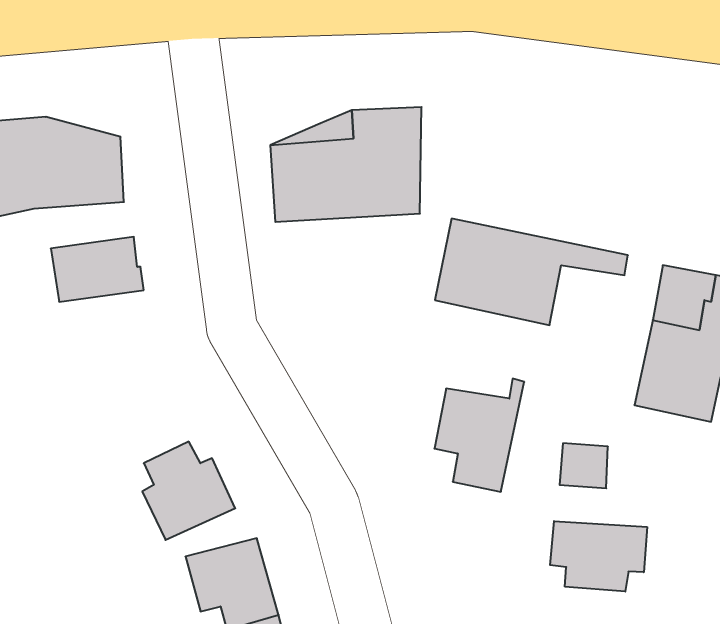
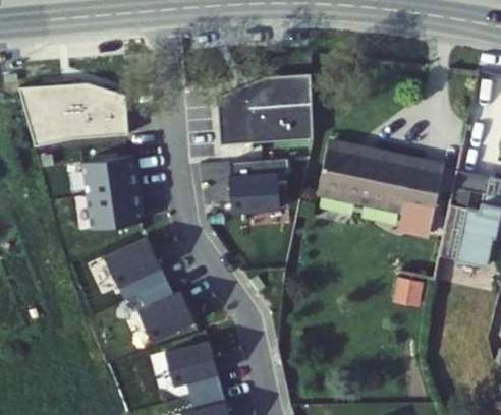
building: none -> [228,159,288,214]
building: none -> [87,188,142,230]
building: none -> [103,236,166,300]
building: [434,379,524,492] -> [387,167,442,236]
building: [550,521,647,592] -> none

